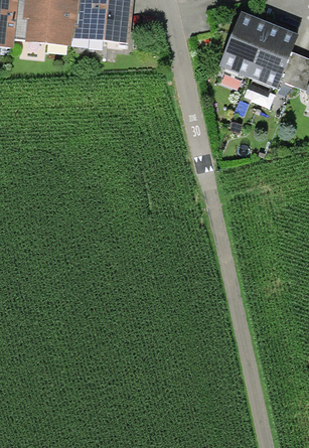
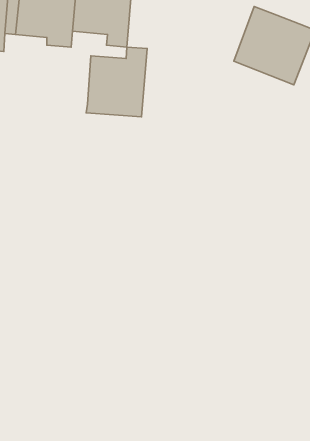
building: none -> [86,47,147,117]

